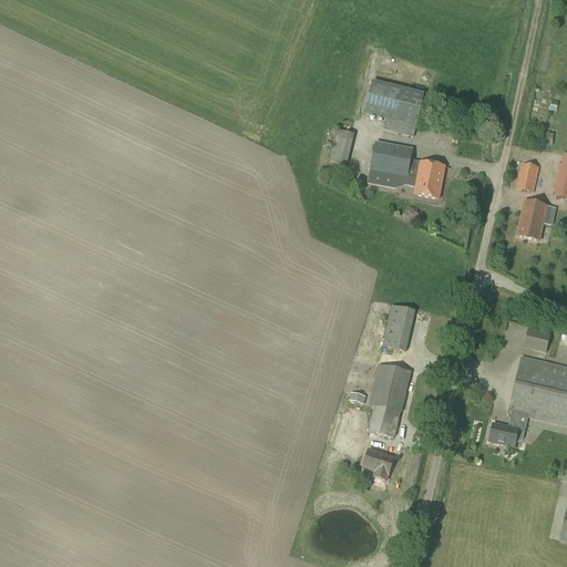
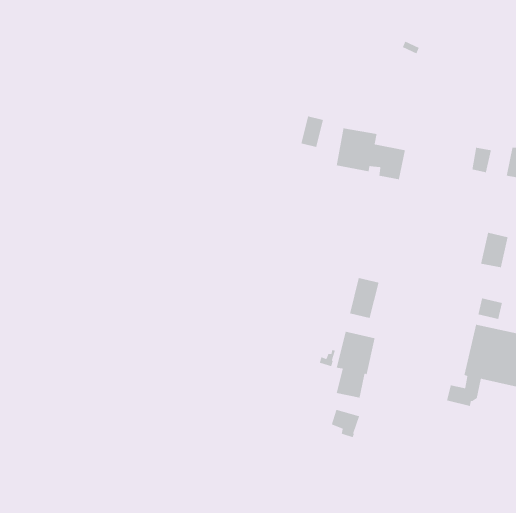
building: [365,79,425,135] -> none
building: [517,198,548,238] -> [480,232,509,268]

